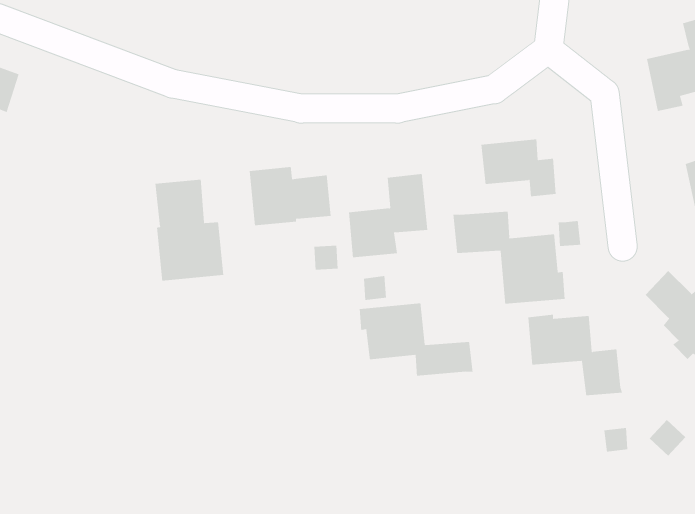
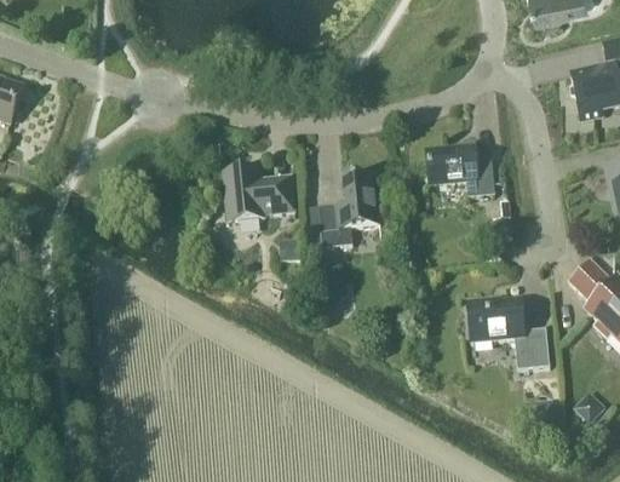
building: [155,179,224,281] -> none
building: [453,211,565,305] -> none
building: [359,302,473,376] -> none

